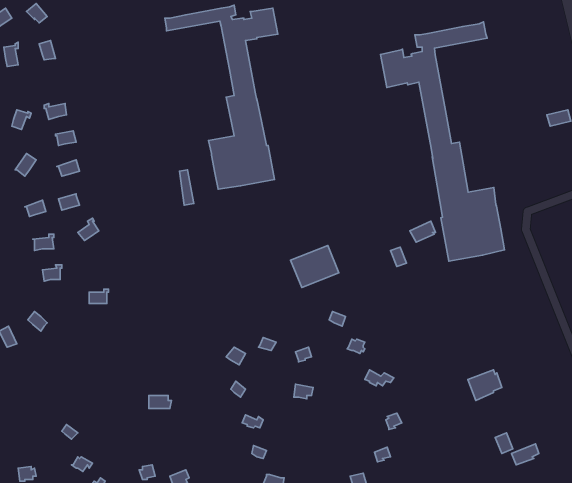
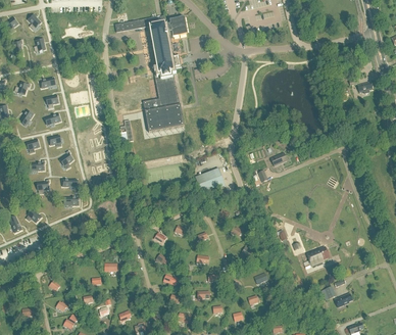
building: [381,22,505,261] -> none

